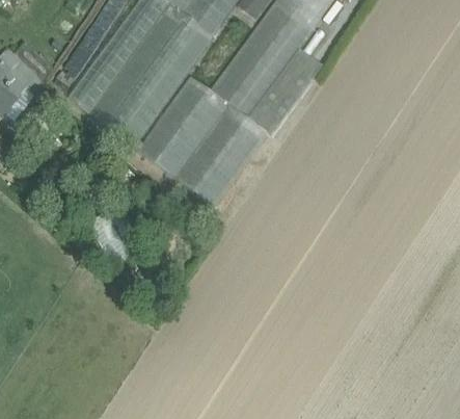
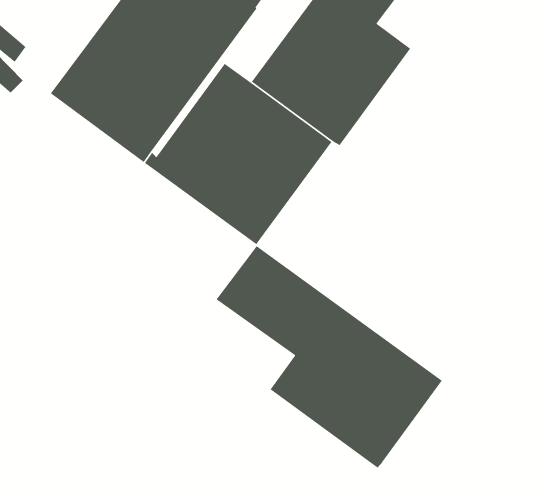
building: none -> [216,245,443,468]

